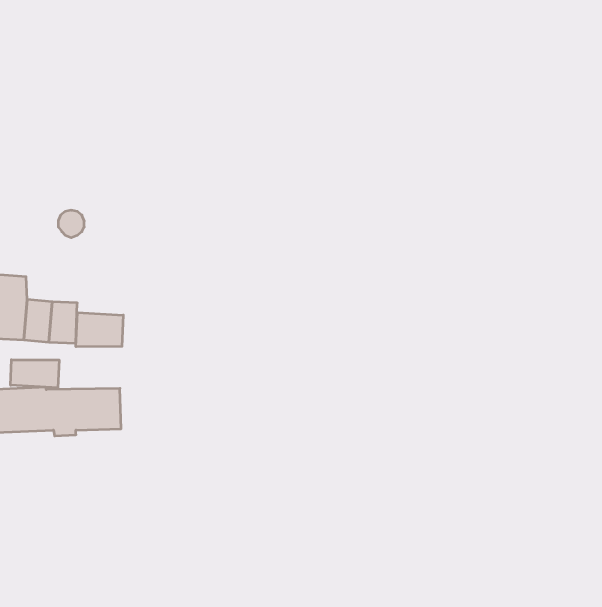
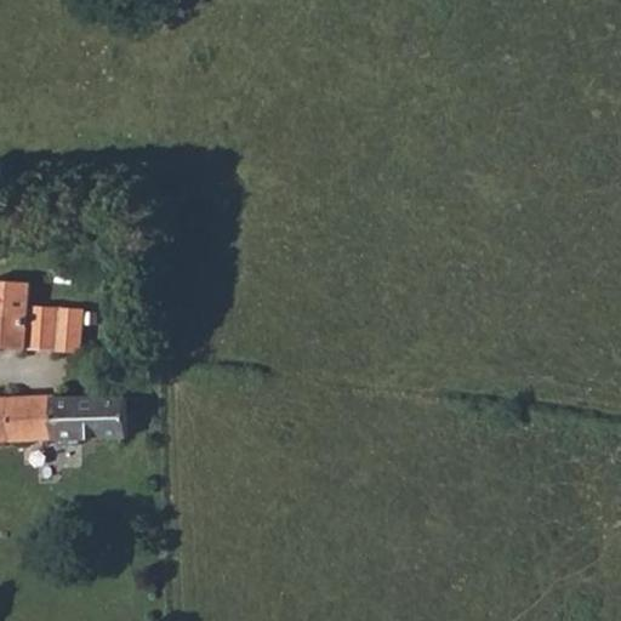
building: [76,312,123,347] -> none
building: [11,360,59,388] -> none

